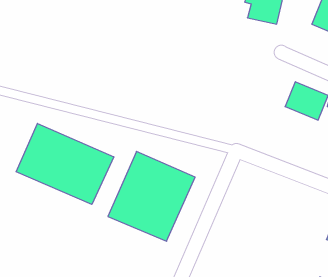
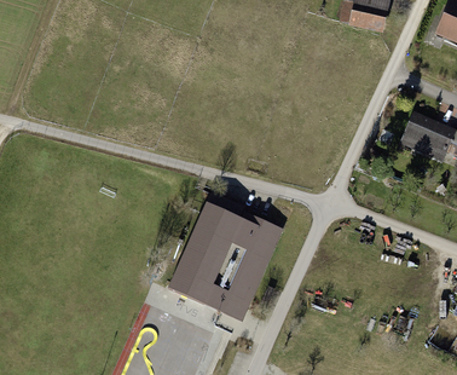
building: [16,123,114,204] -> none

